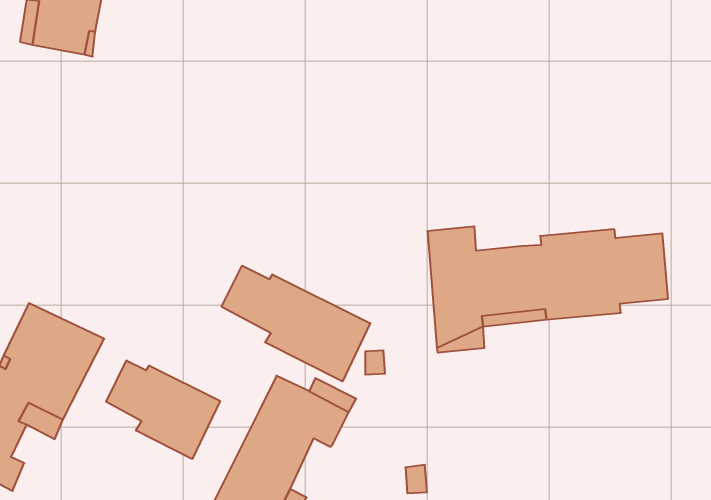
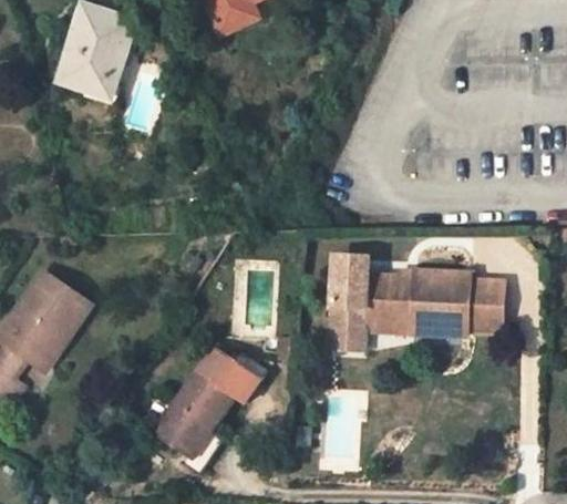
building: [222,266,370,381] -> none
building: [106,360,220,459] -> none

